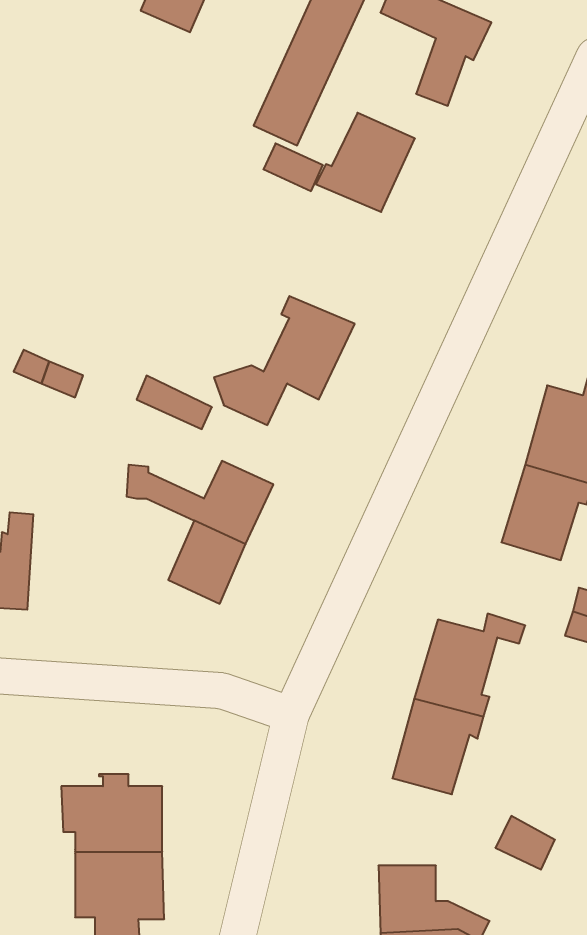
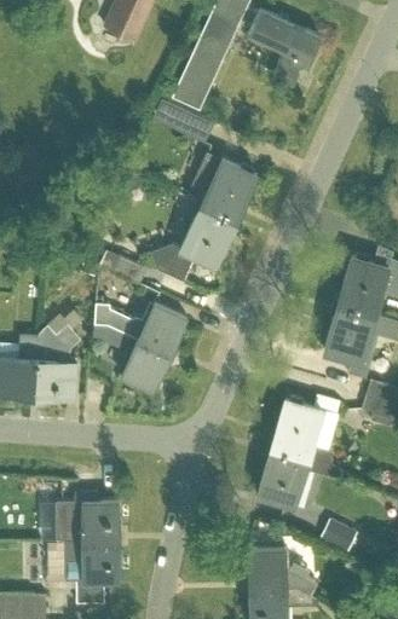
building: [316,113,415,212] -> [195,161,255,221]
building: none -> [35,326,79,398]

